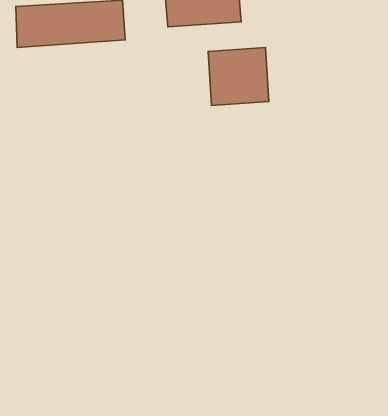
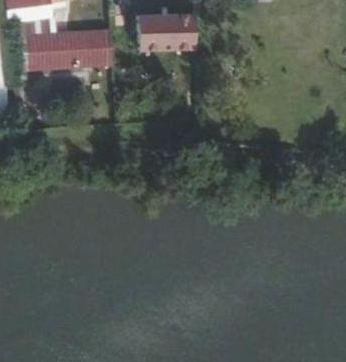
building: [208,47,269,105] -> none

